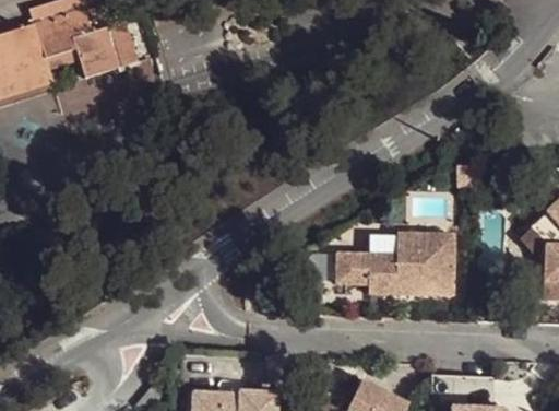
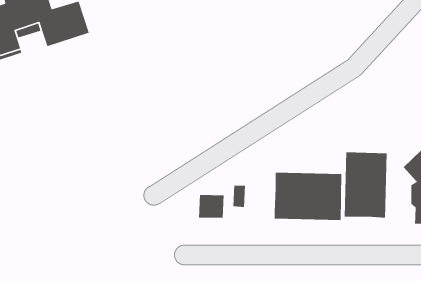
building: none -> [344,151,388,218]
building: [336,254,369,284] -> [198,194,224,219]

